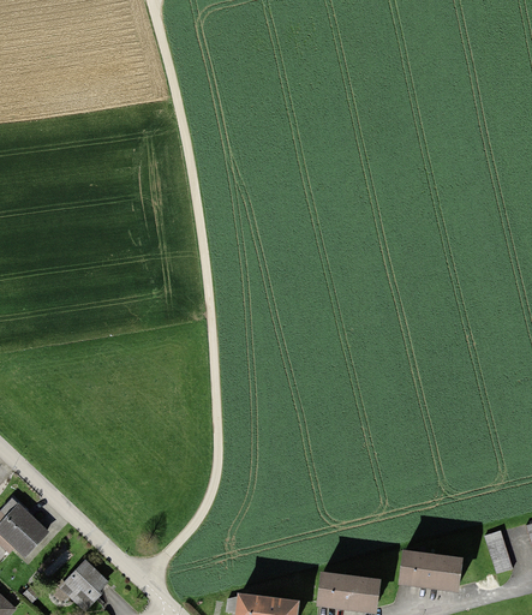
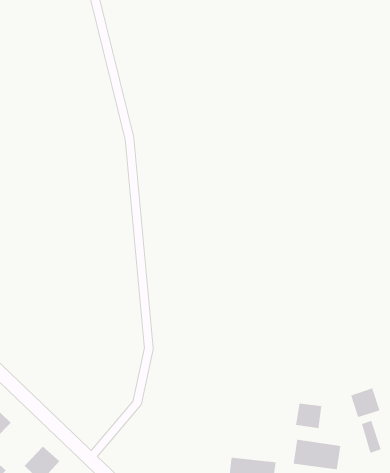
building: none -> [351,387,380,418]
building: none -> [295,403,322,429]

